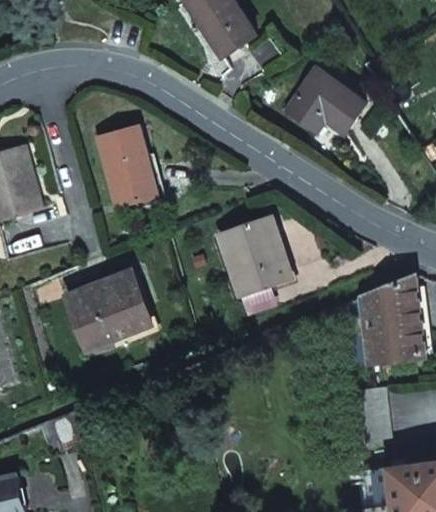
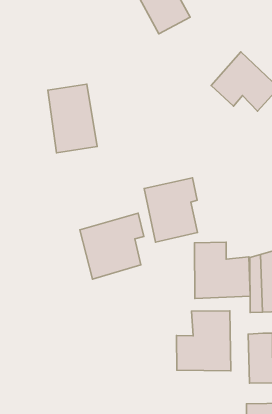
building: [67,265,141,346] -> [80,213,144,279]
building: none -> [194,242,250,299]
building: none -> [177,311,231,371]

